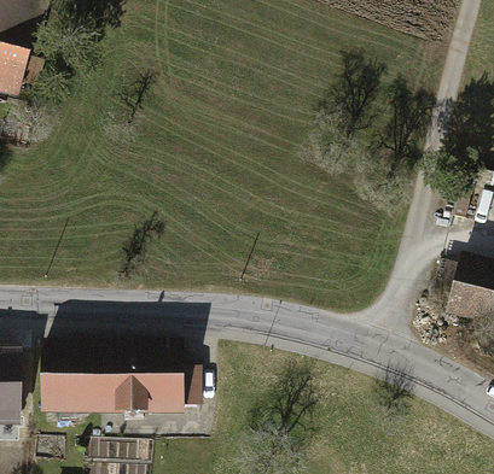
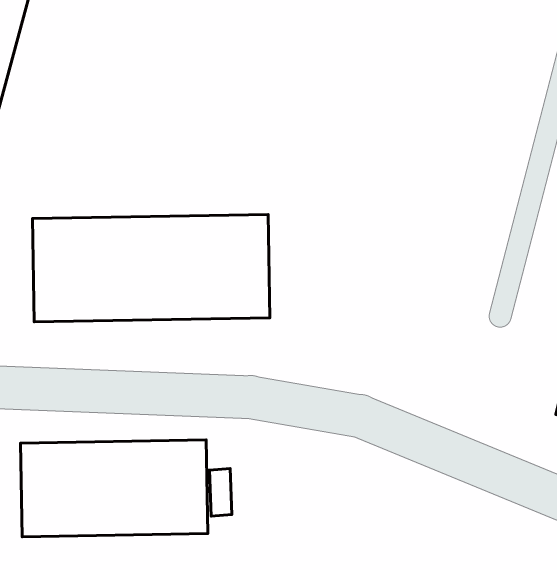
building: none -> [32,215,270,322]

